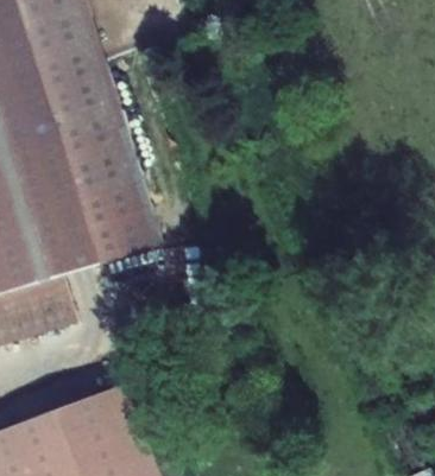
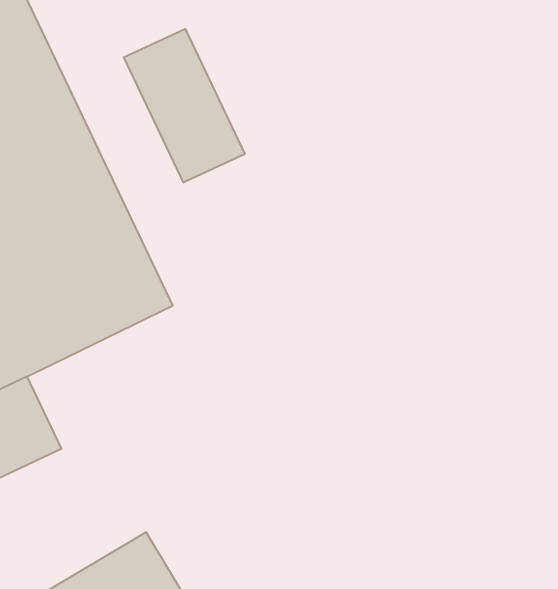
building: none -> [124,29,245,183]

